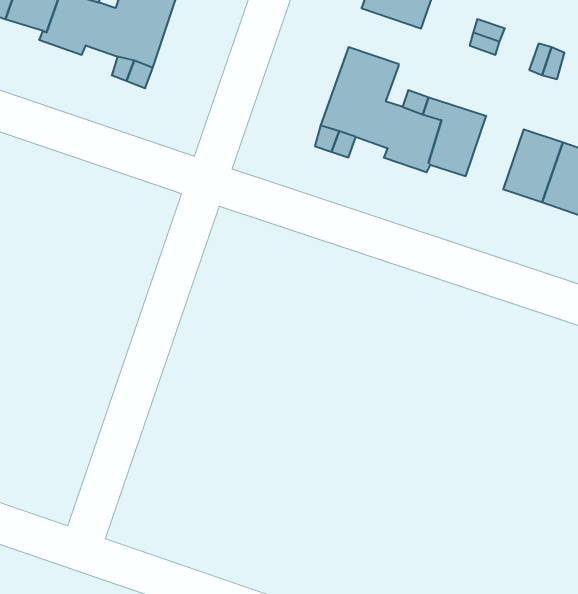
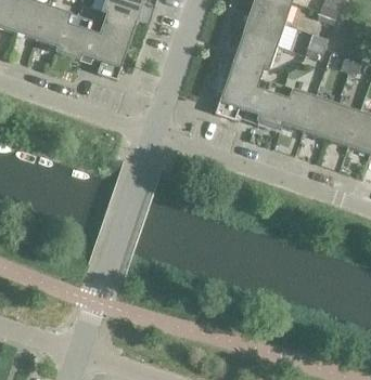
building: none -> [234,34,277,69]
building: none -> [303,96,336,139]

